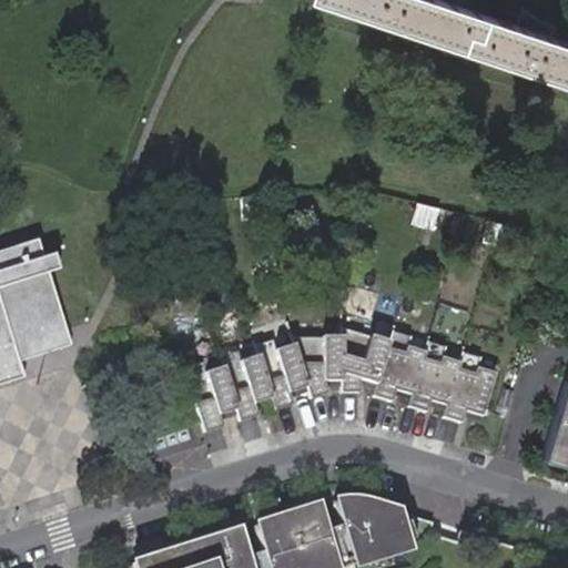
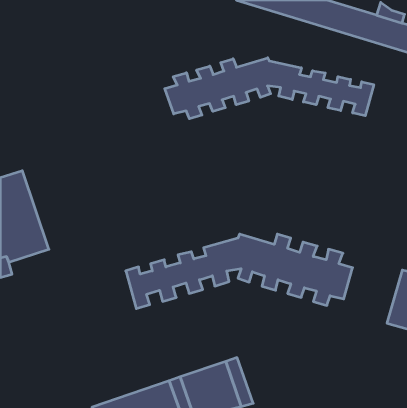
building: none -> [165,58,374,119]
building: [332,497,404,560] -> none

